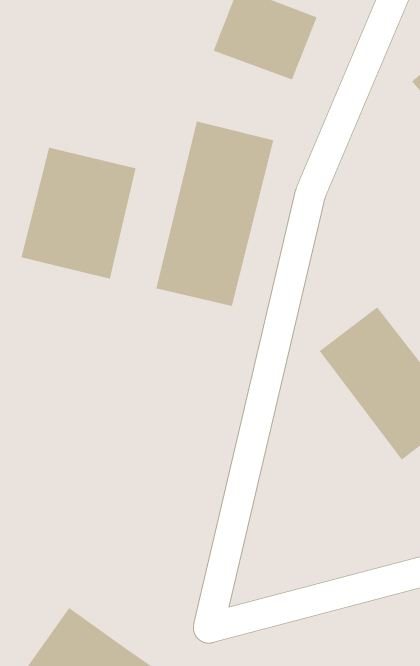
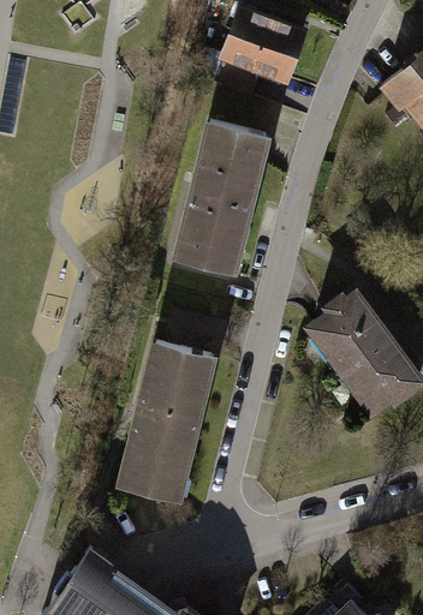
building: [21,147,136,279] -> none
building: none -> [109,346,214,509]

